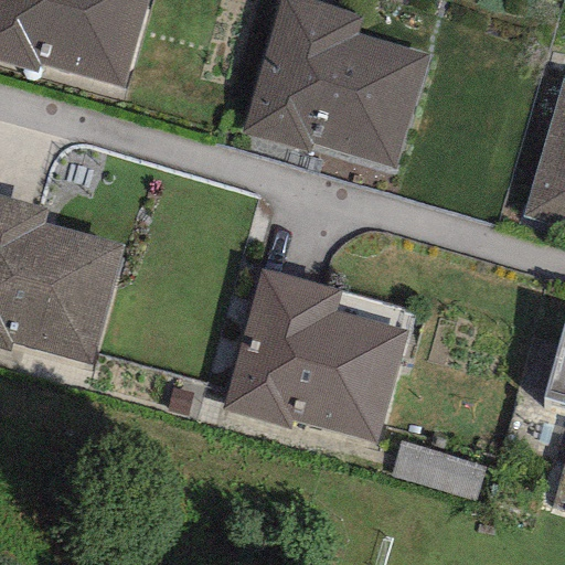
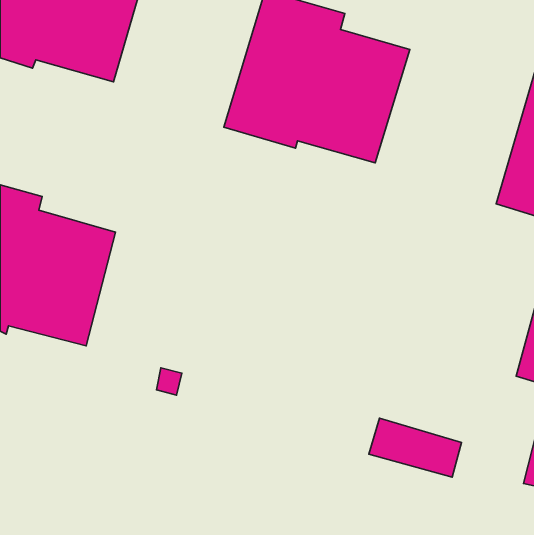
building: [223,268,408,441] -> none

